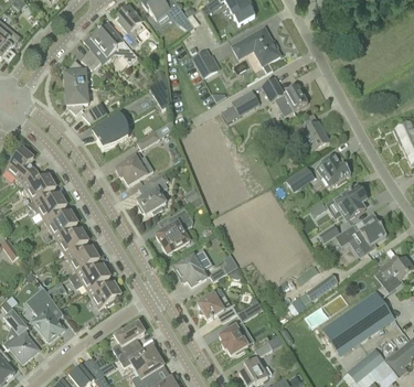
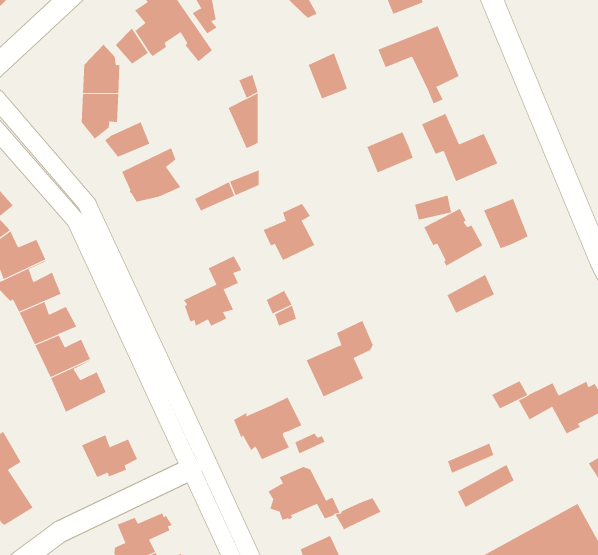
building: [115,150,146,184] -> [263,203,315,261]
building: [315,152,350,186] -> [423,208,483,266]
building: [333,183,367,219] -> none
building: [155,207,192,254] -> [306,320,374,397]
building: [68,257,109,289] -> none

